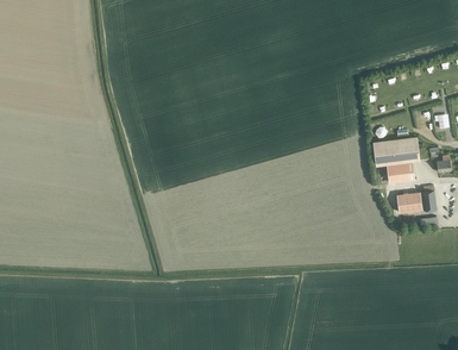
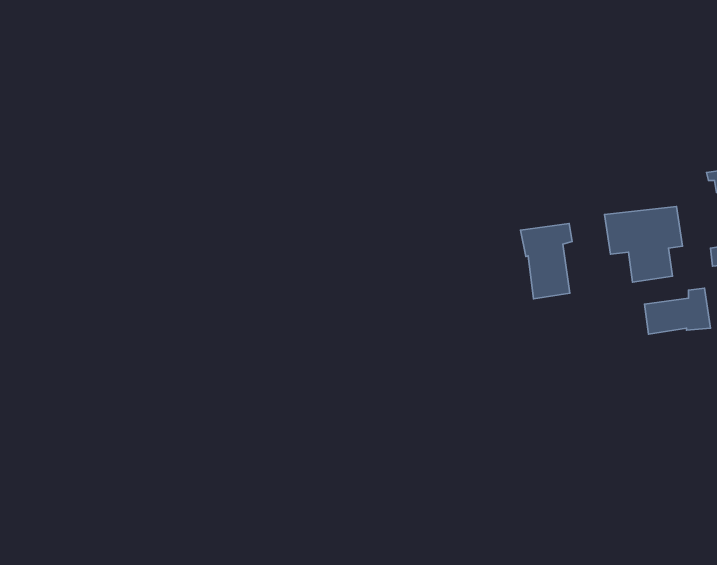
building: none -> [521,224,572,299]

